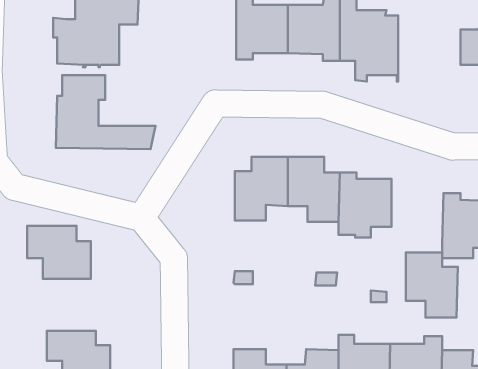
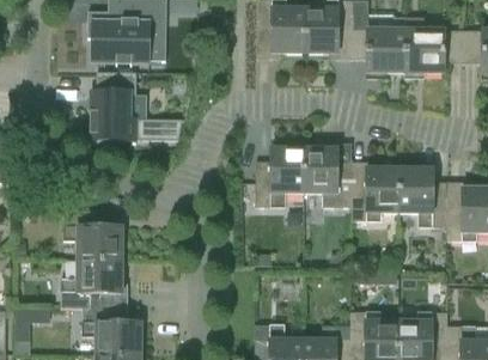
building: none -> [405,17,463,78]
building: [406,253,458,318] -> [399,167,447,227]
building: none -> [60,260,127,307]

